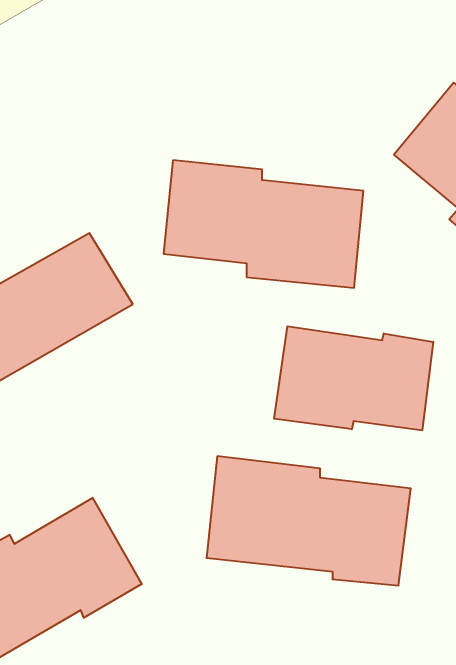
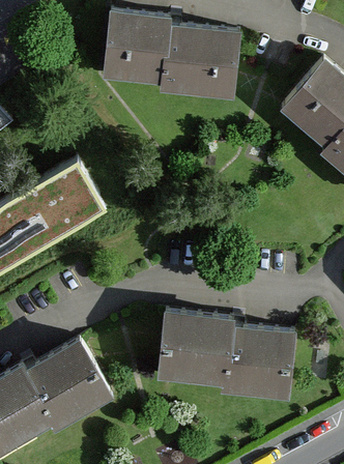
building: [164,160,363,288] -> [105,11,239,97]
building: [274,326,433,430] -> none

